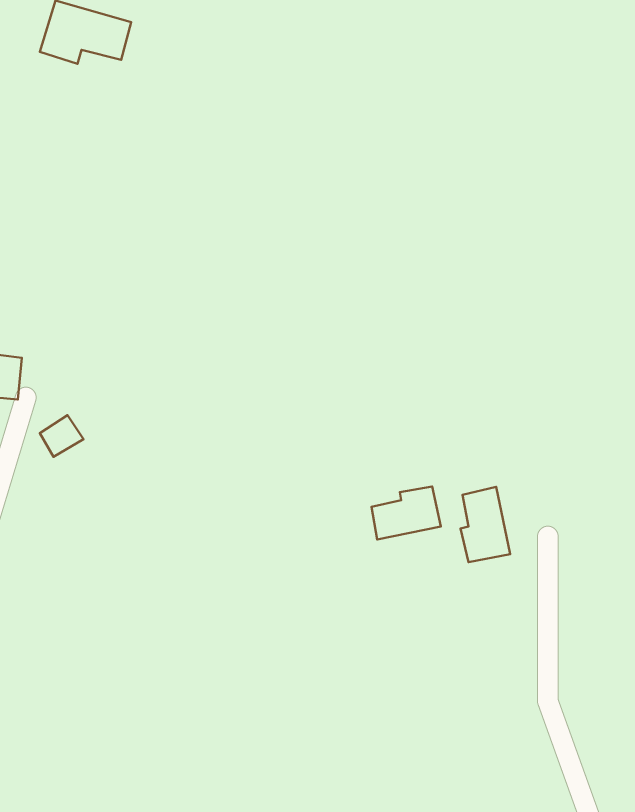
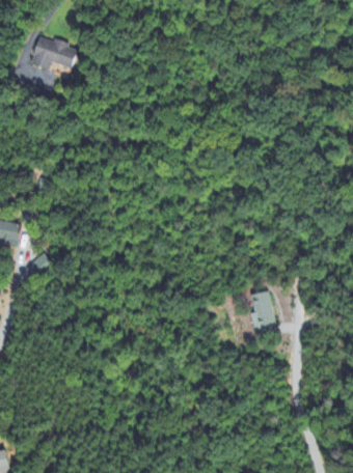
building: [371,487,441,540] -> none

